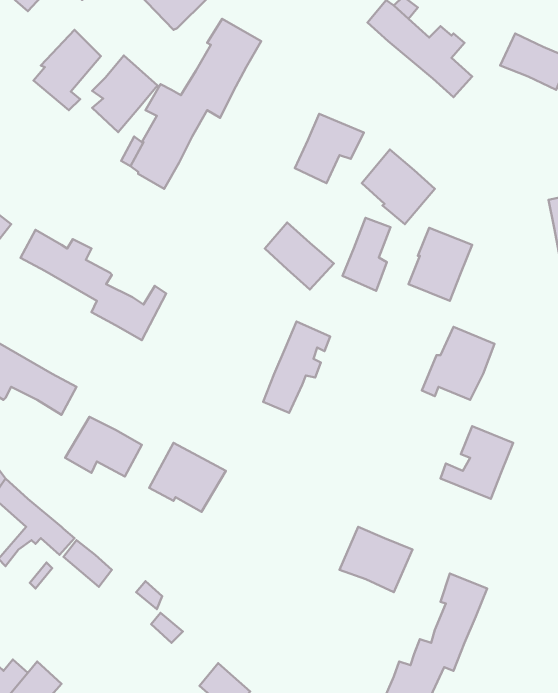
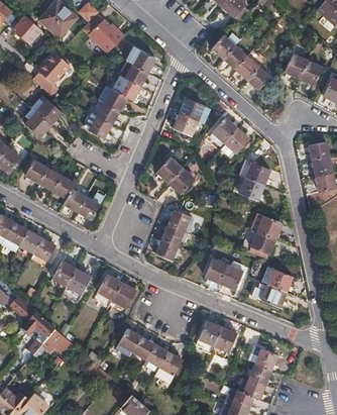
building: [92,55,157,132] -> [25,96,61,137]
building: [342,218,391,291] -> none
building: none -> [206,258,243,289]
building: none -> [115,328,182,383]

